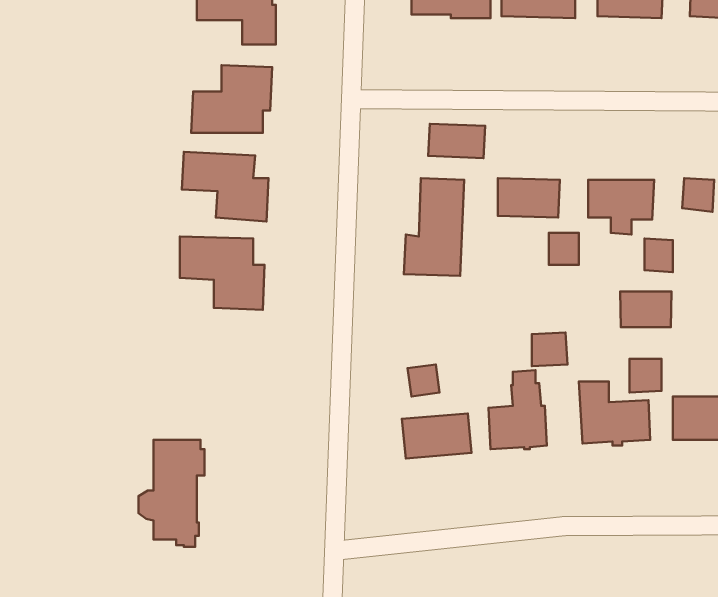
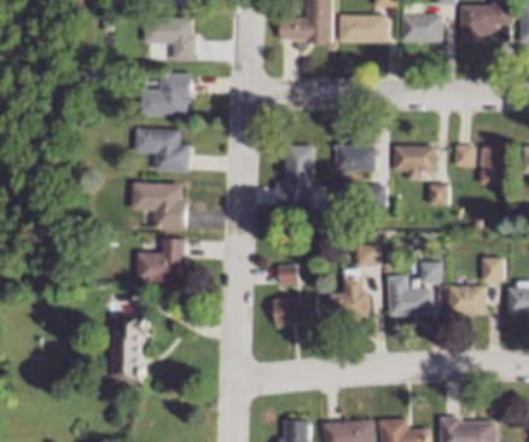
building: [428,124,485,158] -> none
building: [620,292,672,327] -> none
building: none -> [135,239,184,283]

